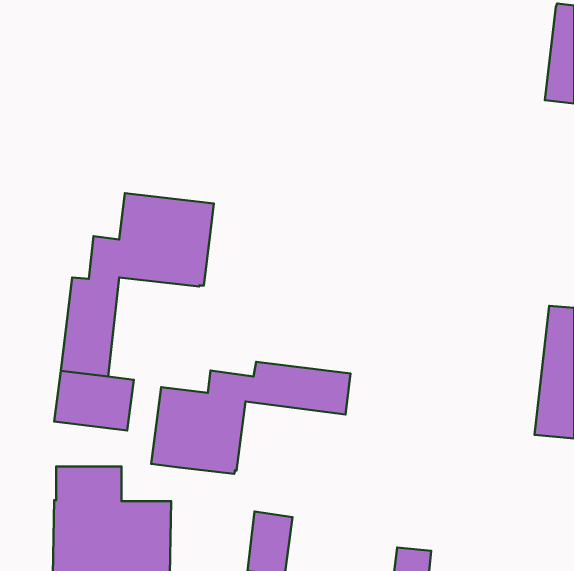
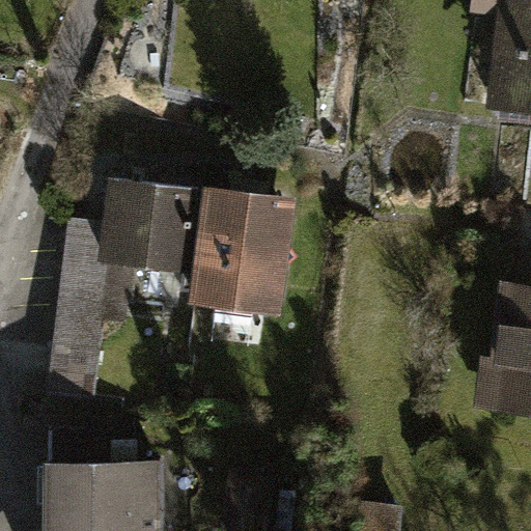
building: none -> [180,191,290,317]
building: [151,362,350,474] -> none

